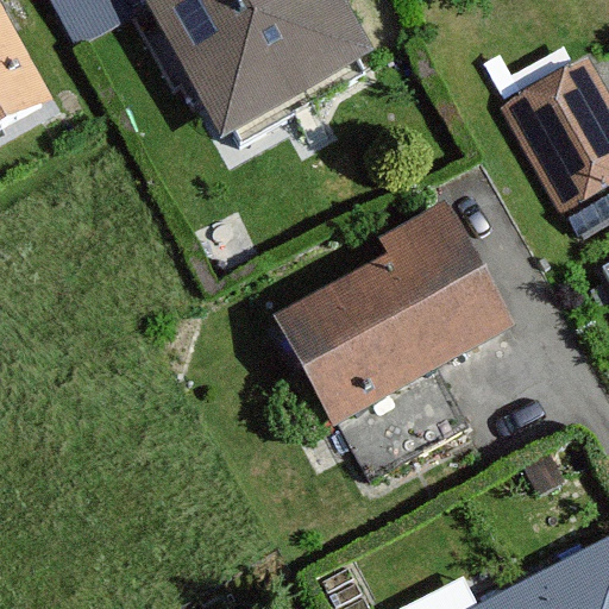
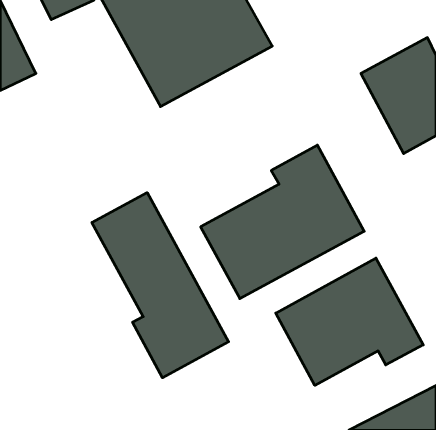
building: none -> [92,193,229,378]
building: none -> [276,258,423,385]

